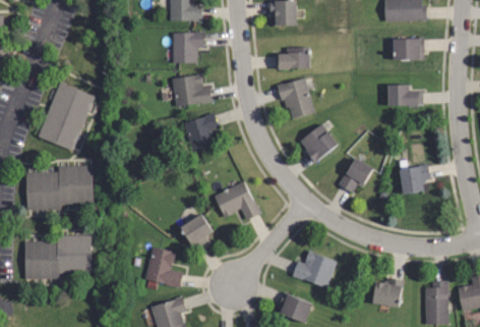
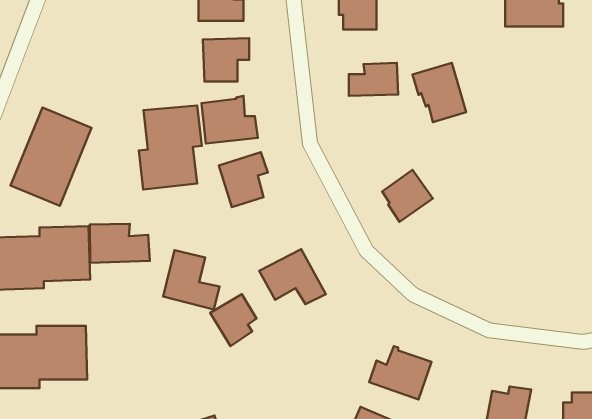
building: [395,39,424,59] -> none
building: [276,77,313,119] -> [413,63,466,122]
building: none -> [139,105,202,189]
building: [388,85,422,106] -> none
building: [340,159,373,193] -> none
building: none -> [90,224,150,263]
building: [400,163,431,193] -> none
building: [143,246,183,287] -> [163,250,220,309]

